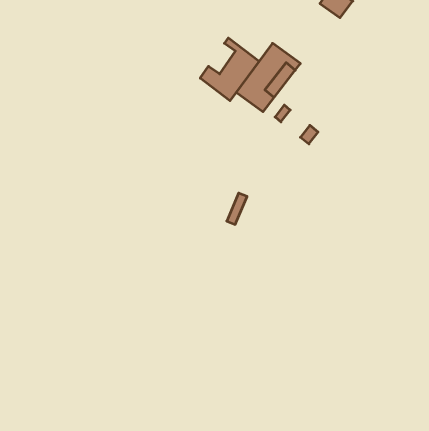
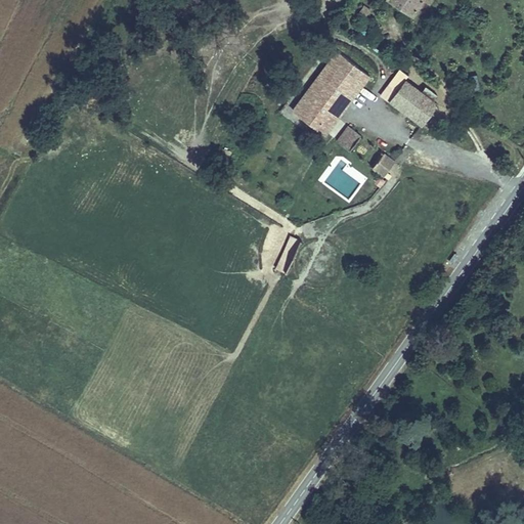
building: [200,38,259,101] -> none
building: none -> [389,78,437,122]

